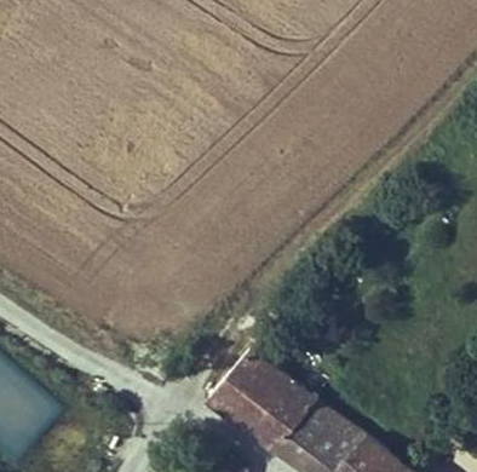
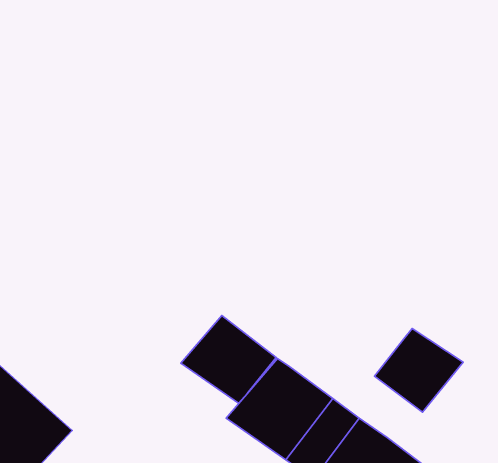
building: none -> [181,315,276,403]
building: none -> [375,329,463,412]

